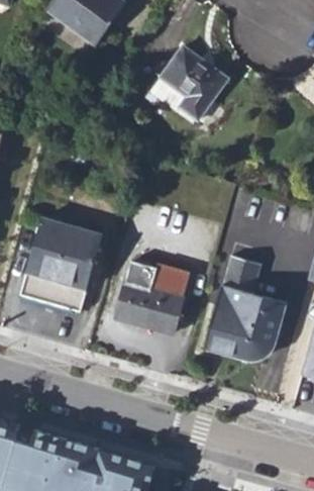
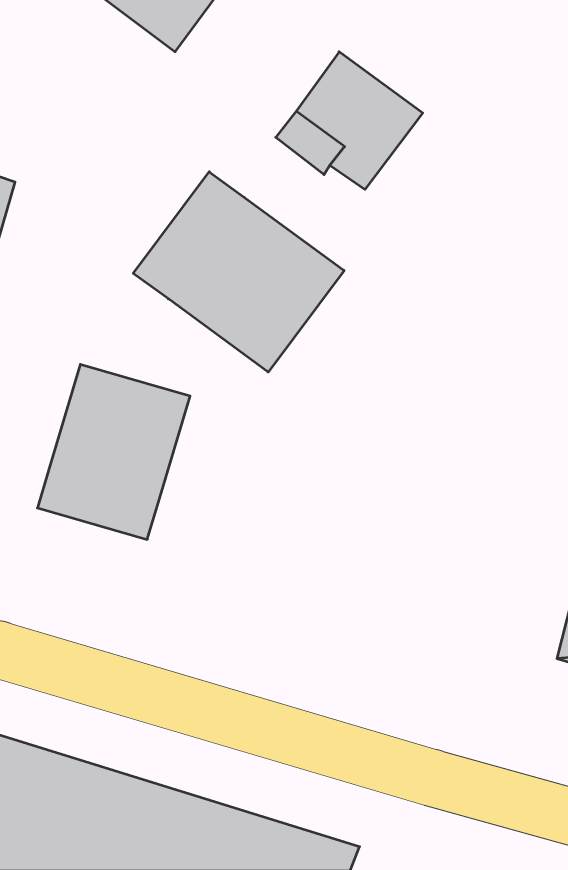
building: none -> [133,172,344,372]
building: [205,234,287,360] -> none
building: [116,262,192,335] -> none

